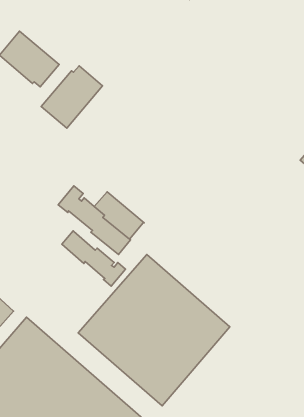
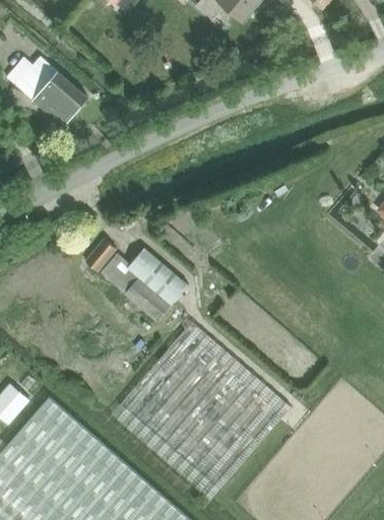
building: [41,66,103,128] -> none
building: [62,231,126,286] -> none

